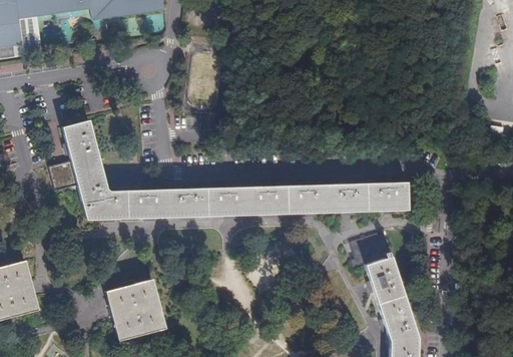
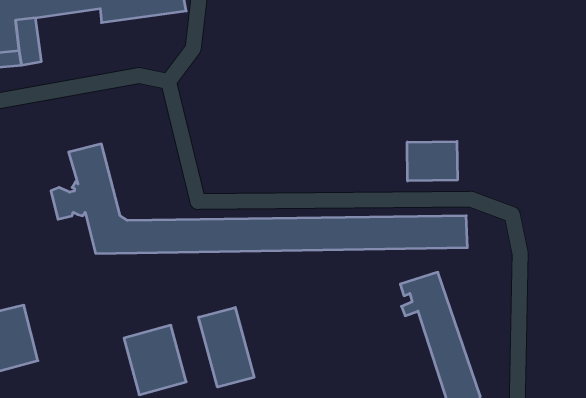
building: none -> [407,141,457,181]
building: none -> [199,307,254,387]

